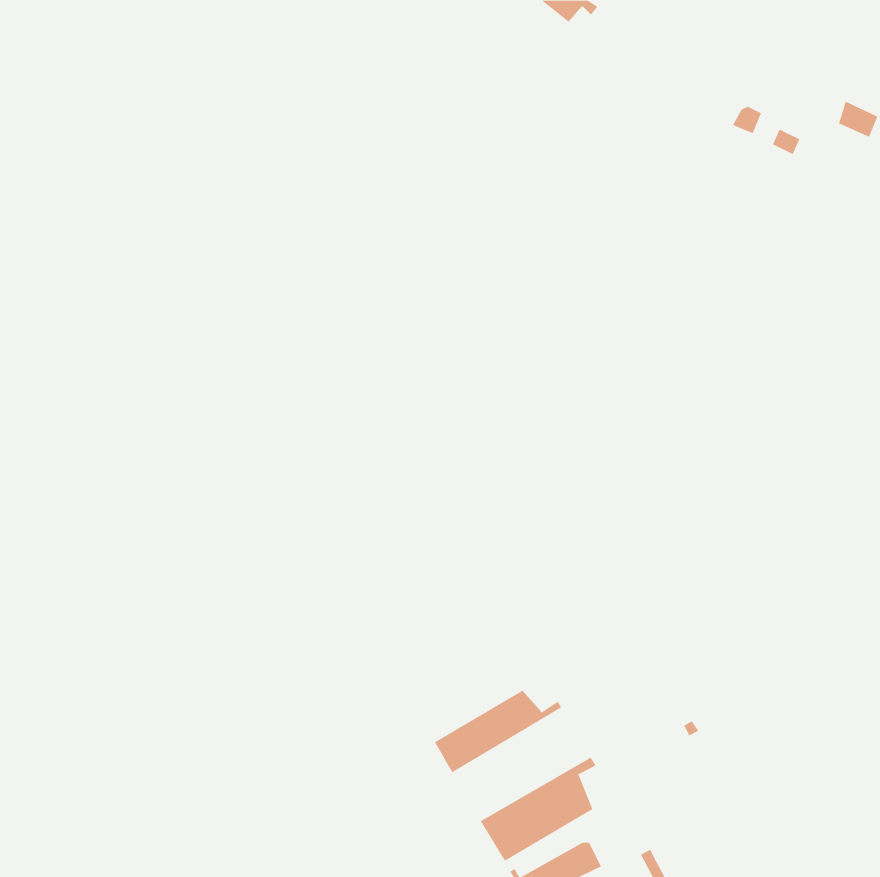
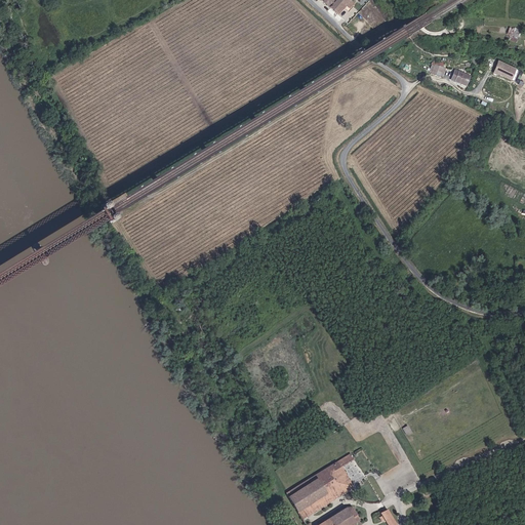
building: [434,690,562,773] -> none

